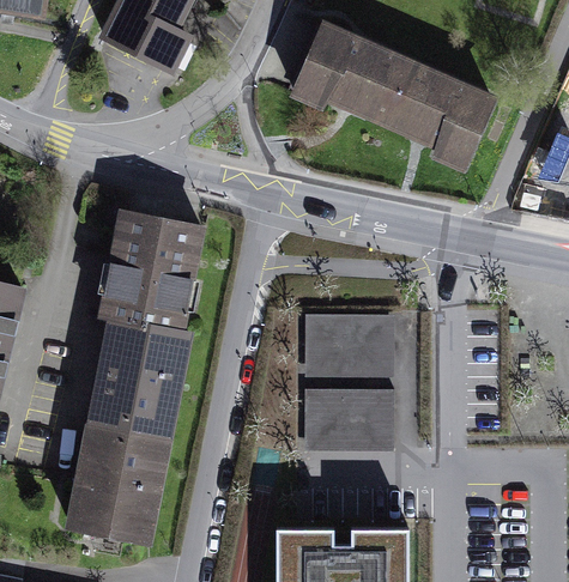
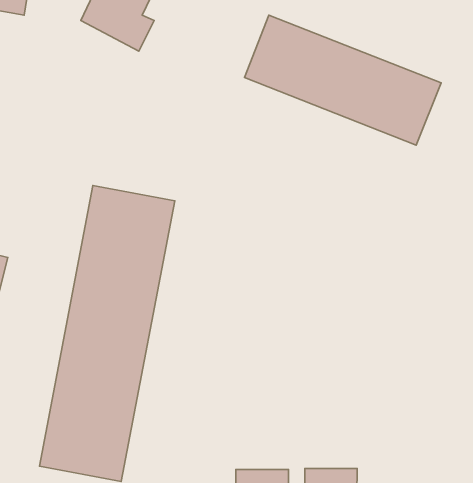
building: [305,309,395,445] -> none

